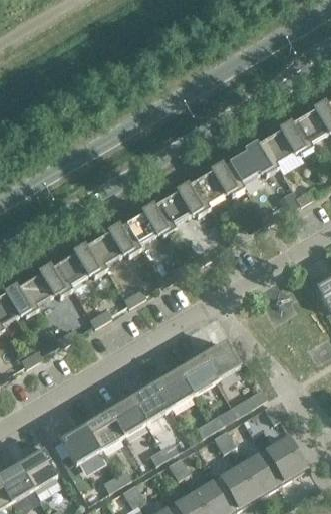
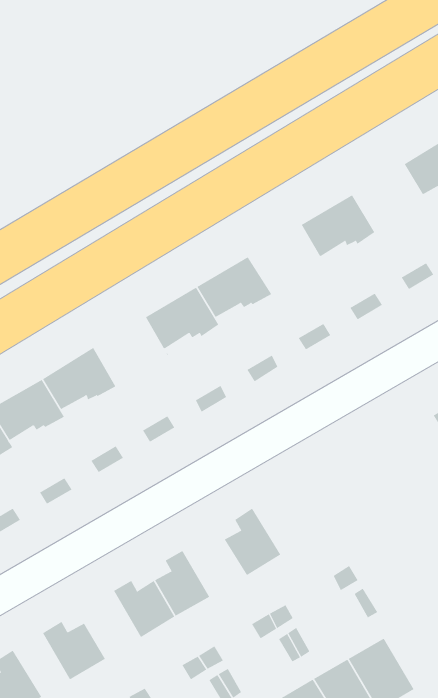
building: [263,121,312,167] -> none
building: [194,162,244,208] -> none
building: [91,223,140,269] -> none
building: [197,342,240,380] -> none
building: [150,369,193,409] -> none
building: [85,405,122,450] -> none

